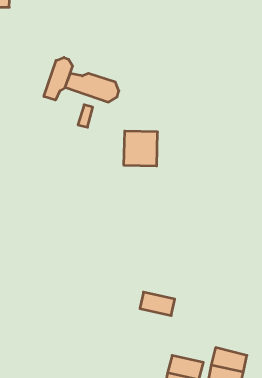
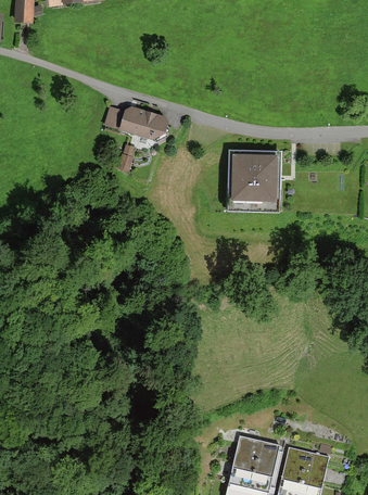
building: [44,57,73,100] -> none
building: [124,131,158,166] -> [233,156,276,200]
building: [140,292,175,316] -> [236,437,279,467]

